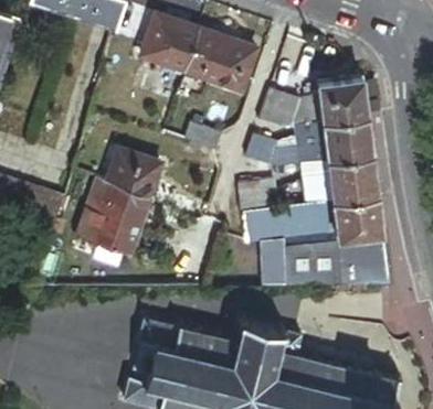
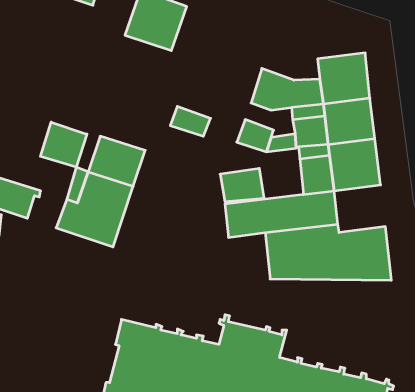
building: [184,29,257,89] -> none
building: none -> [40,122,87,167]
building: [336,194,383,238] -> none

